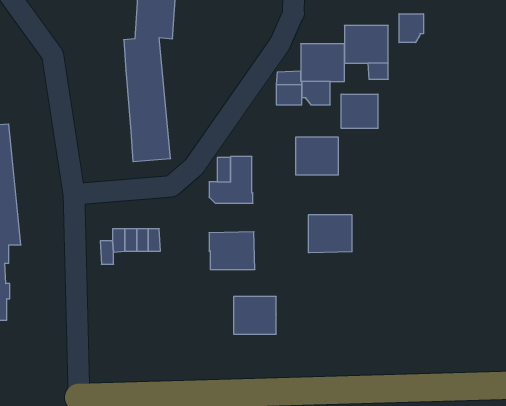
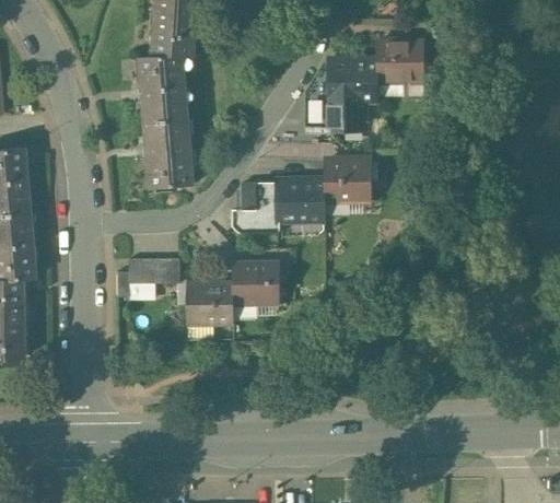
building: [399,14,423,43] -> none
building: [341,94,378,128] -> none
building: [308,215,352,253] -> [278,182,325,222]
building: [234,297,276,334] -> [187,284,233,325]

